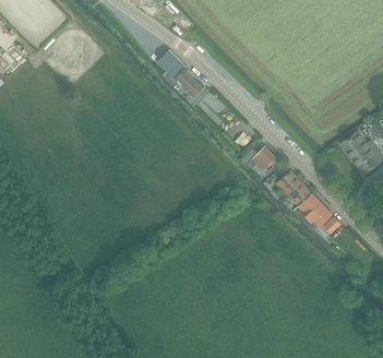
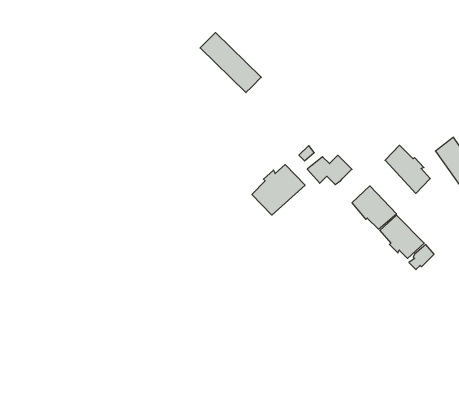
building: none -> [385,145,430,193]
building: none -> [252,165,305,215]

